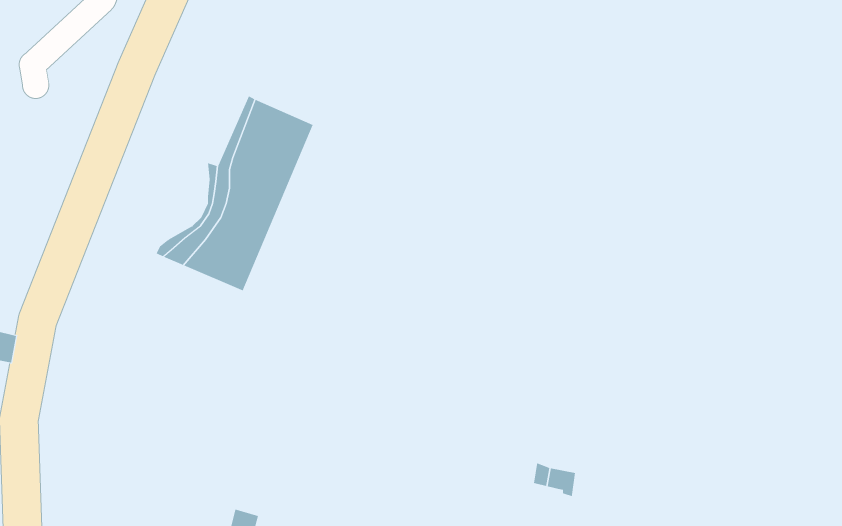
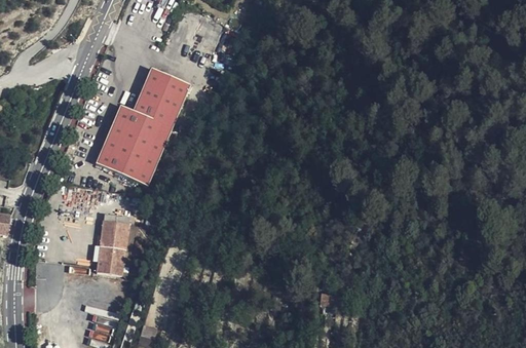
building: none -> [97,106,126,158]
building: none -> [99,211,133,270]

